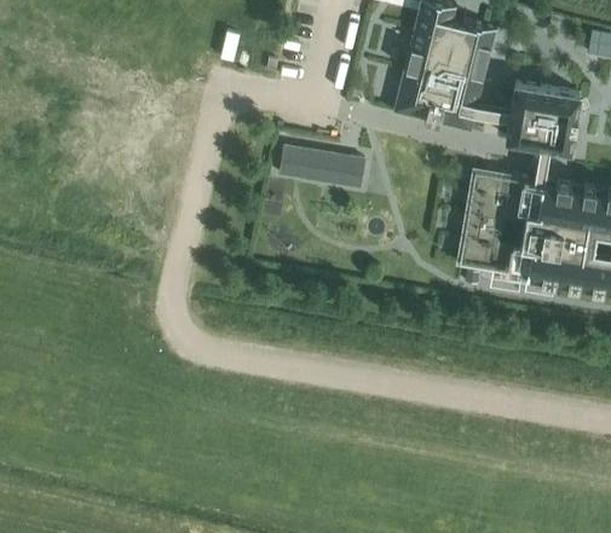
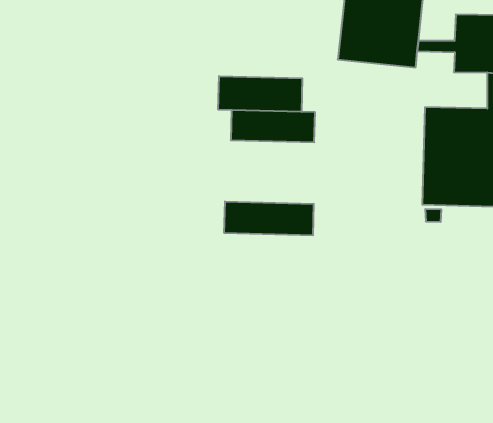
building: none -> [218,76,302,112]
building: none -> [224,201,314,235]

